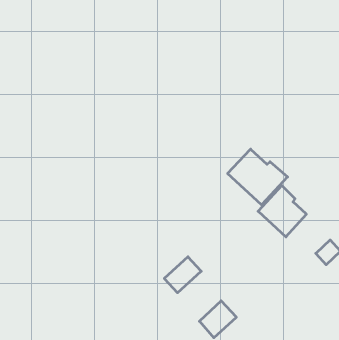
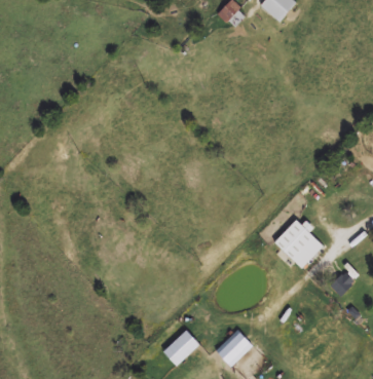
building: [228,149,288,205] -> none
building: [164,257,201,293] -> [160,331,197,367]

